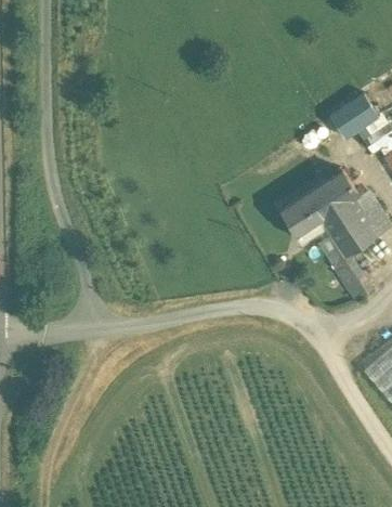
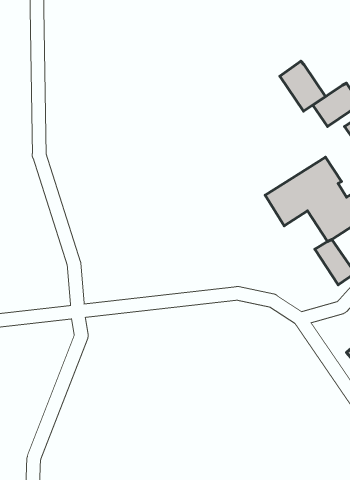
building: none -> [280,61,326,111]

